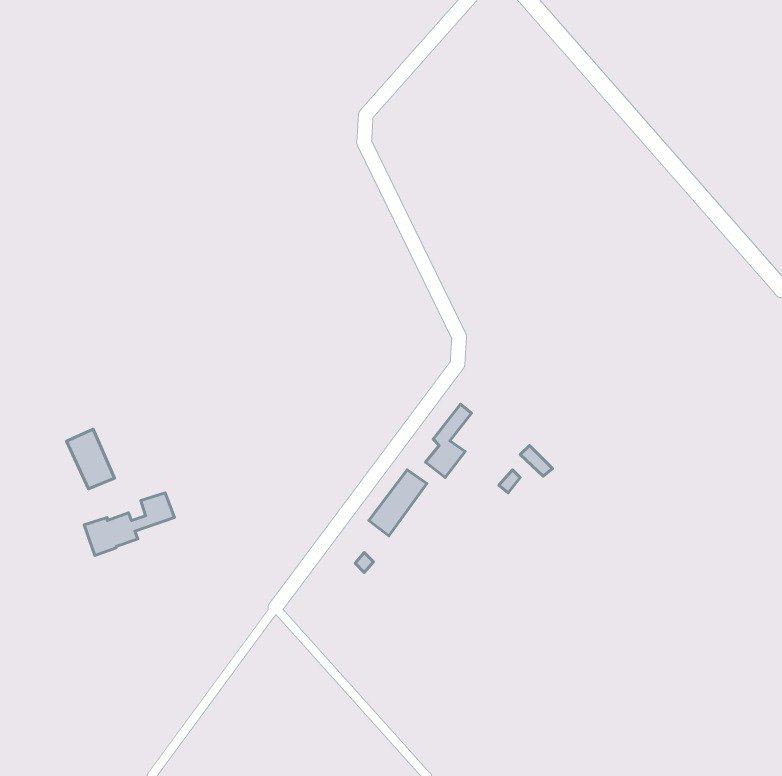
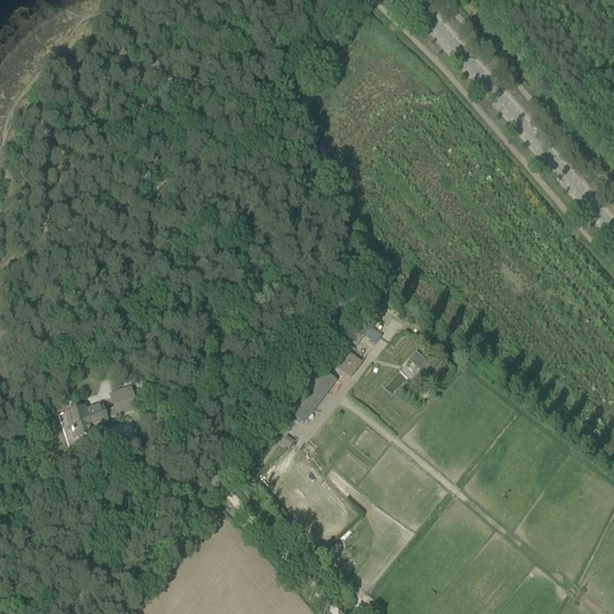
building: [67,429,114,489] -> none

